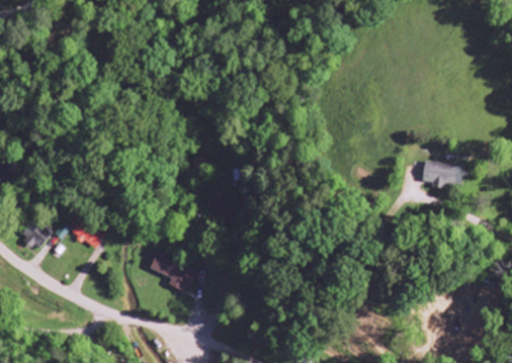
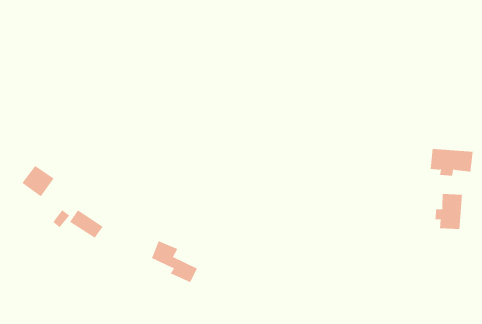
building: none -> [435,193,463,230]
building: [19,218,52,250] -> [21,165,55,197]

